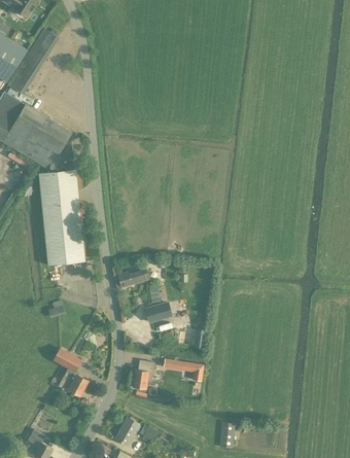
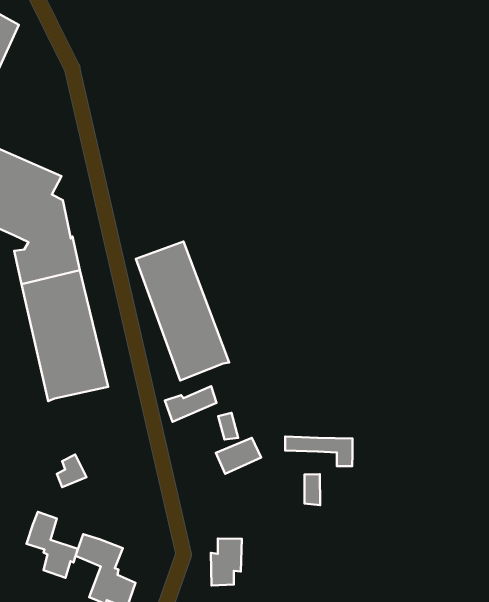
building: none -> [136,241,229,381]
building: none -> [27,512,78,578]
building: [163,359,204,382] -> [285,437,353,466]

